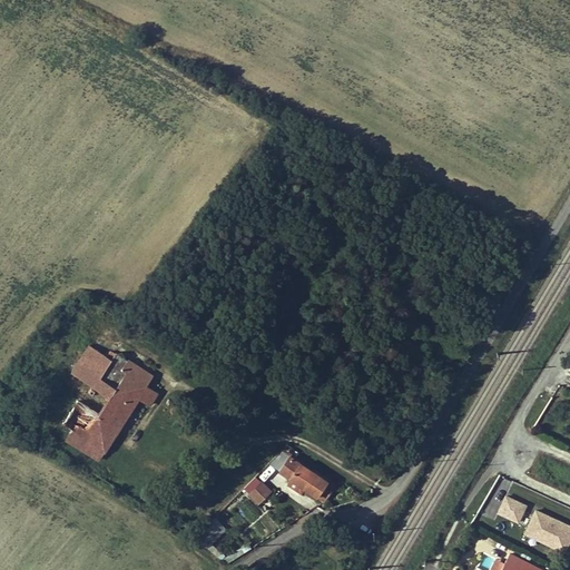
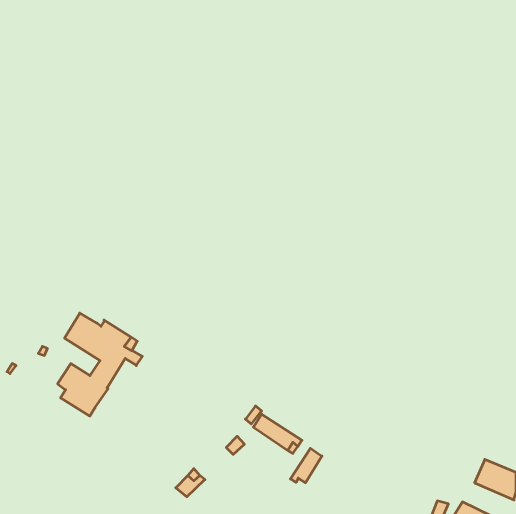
building: [497,495,528,524] -> none
building: none -> [290,448,322,483]

